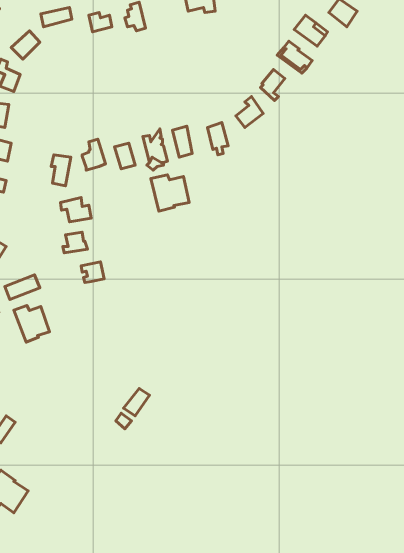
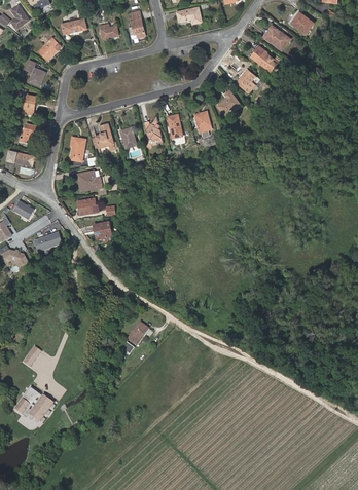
building: [151,175,189,211] -> none
building: [14,306,50,342] -> none

